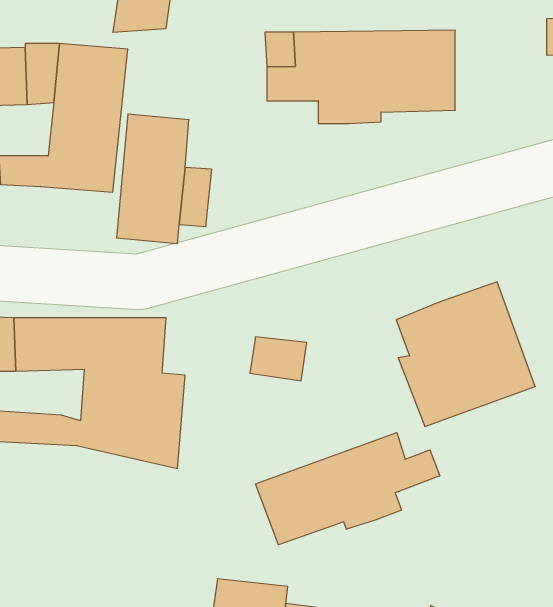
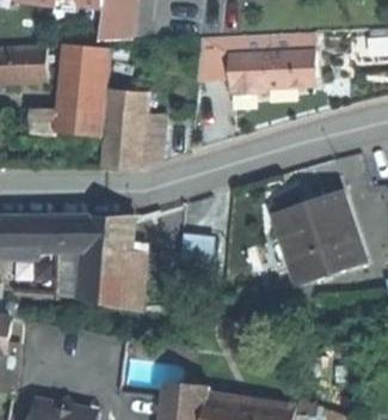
building: [256,433,440,545] -> none

